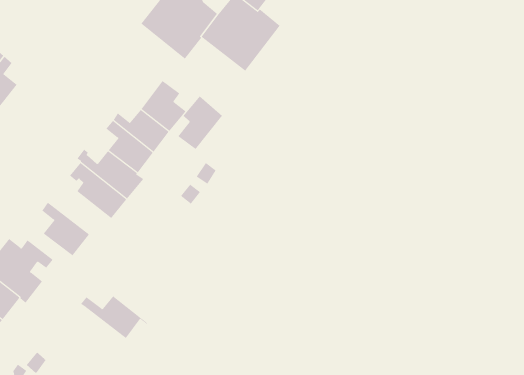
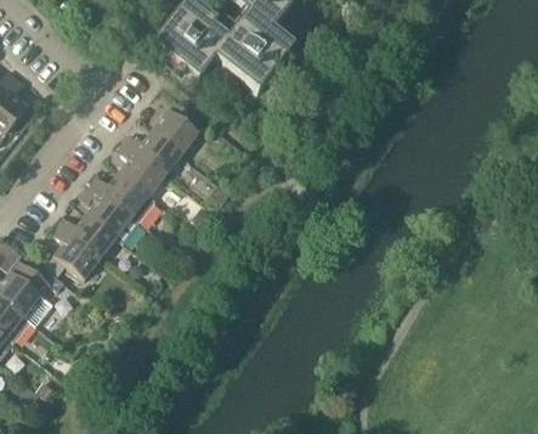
building: [178,96,223,150] -> none
building: [80,295,148,339] -> [53,213,121,257]

